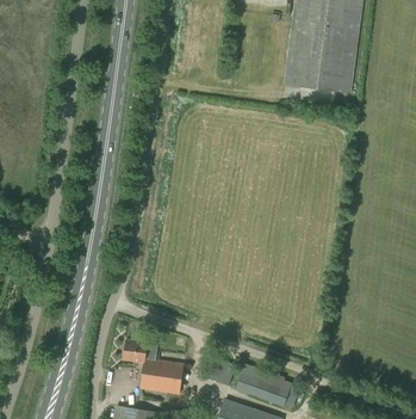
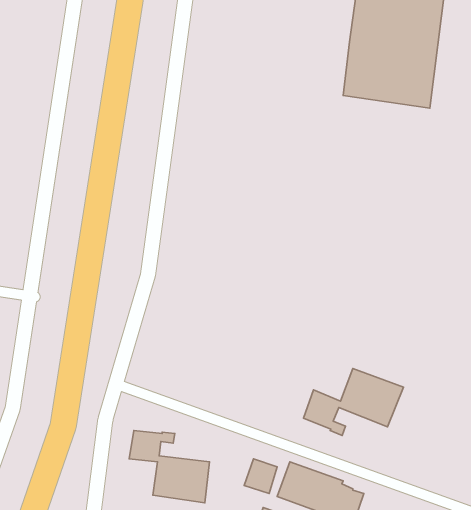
building: none -> [304,369,403,435]

